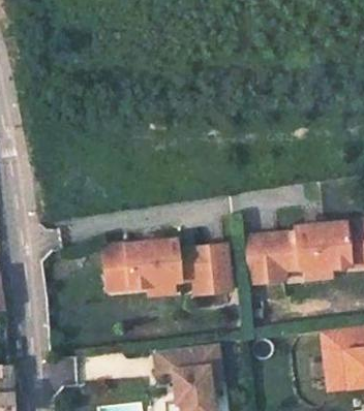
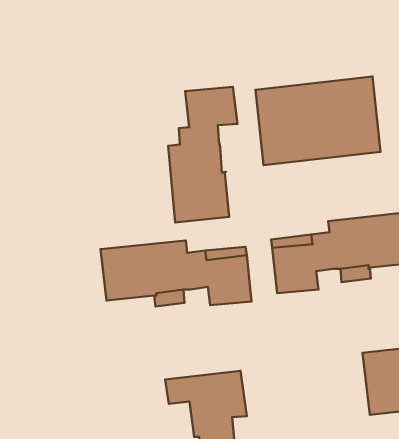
building: none -> [255,77,381,165]
building: none -> [168,87,237,223]

